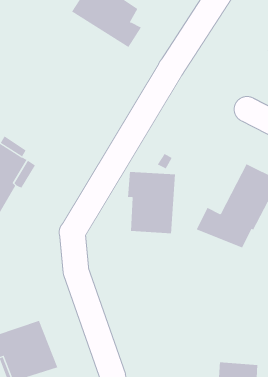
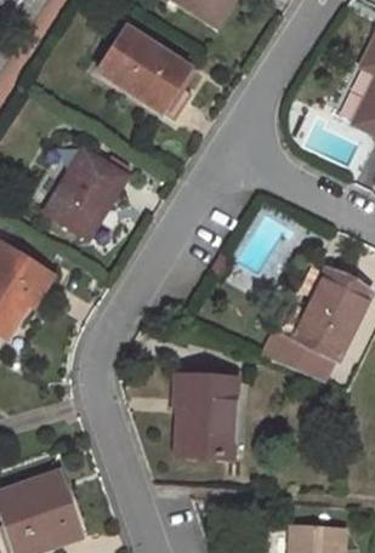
building: none -> [42,148,126,238]
building: [127,171,176,234] -> [172,375,235,456]

